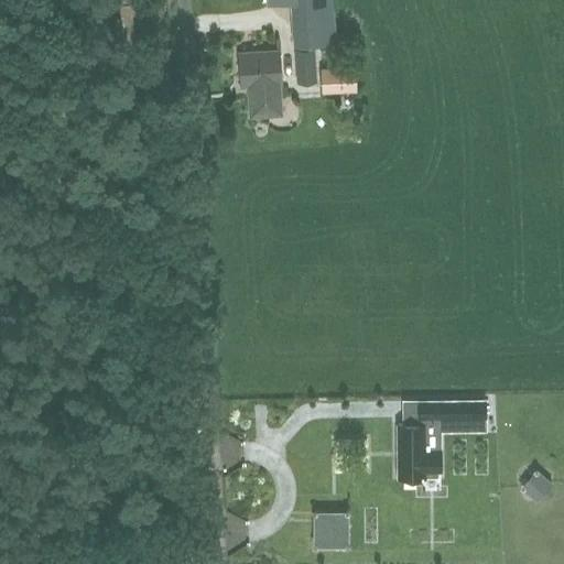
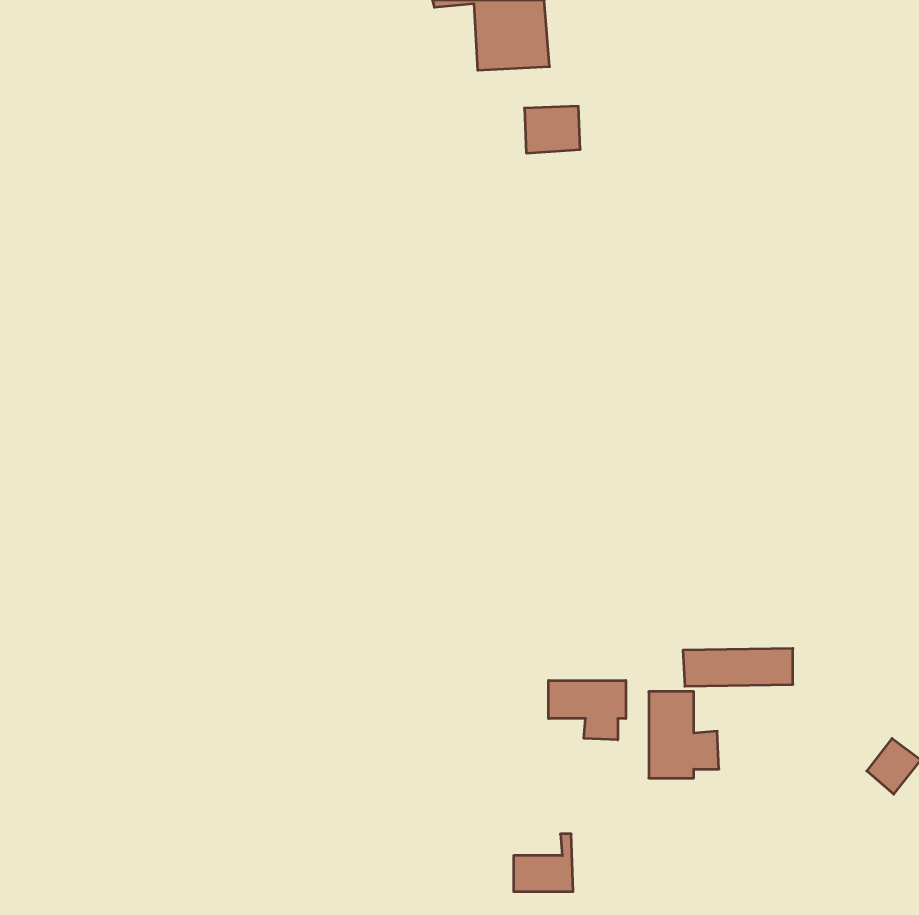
building: [294,50,316,85] -> none
building: [240,53,282,116] -> none
building: none -> [549,680,626,740]

